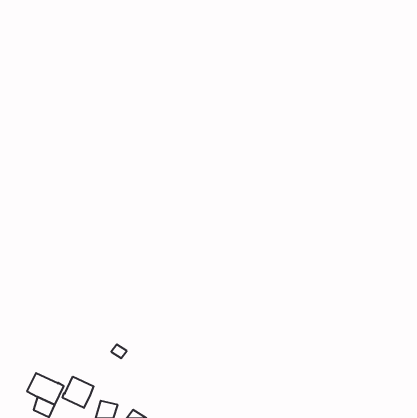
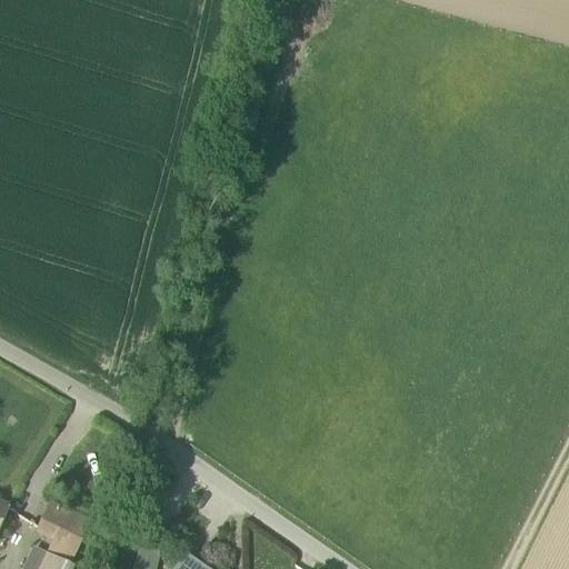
building: [63,377,94,408] -> none

